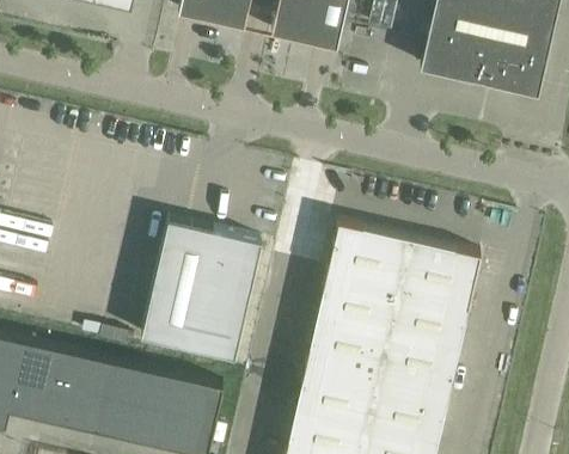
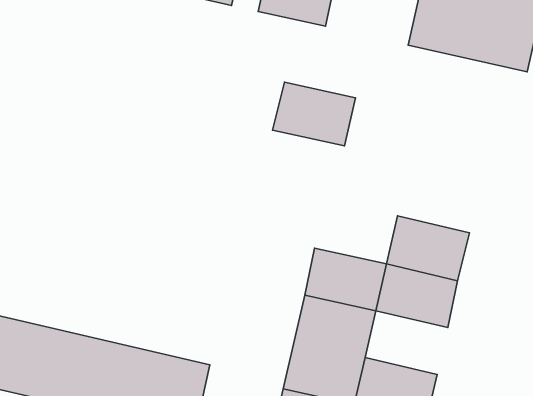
building: [141,223,261,361] -> none
building: [326,225,409,288] -> [272,82,355,146]
building: [377,335,459,398] -> none

